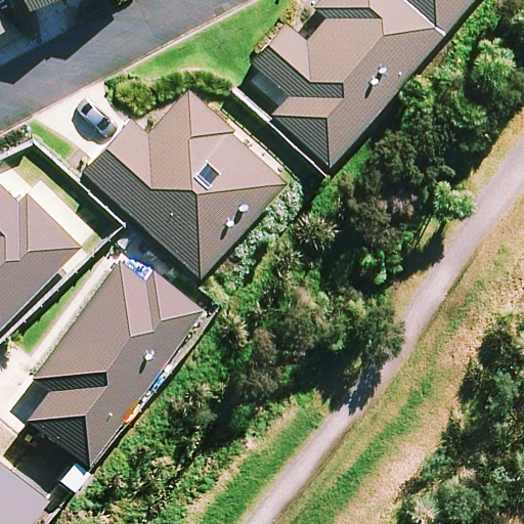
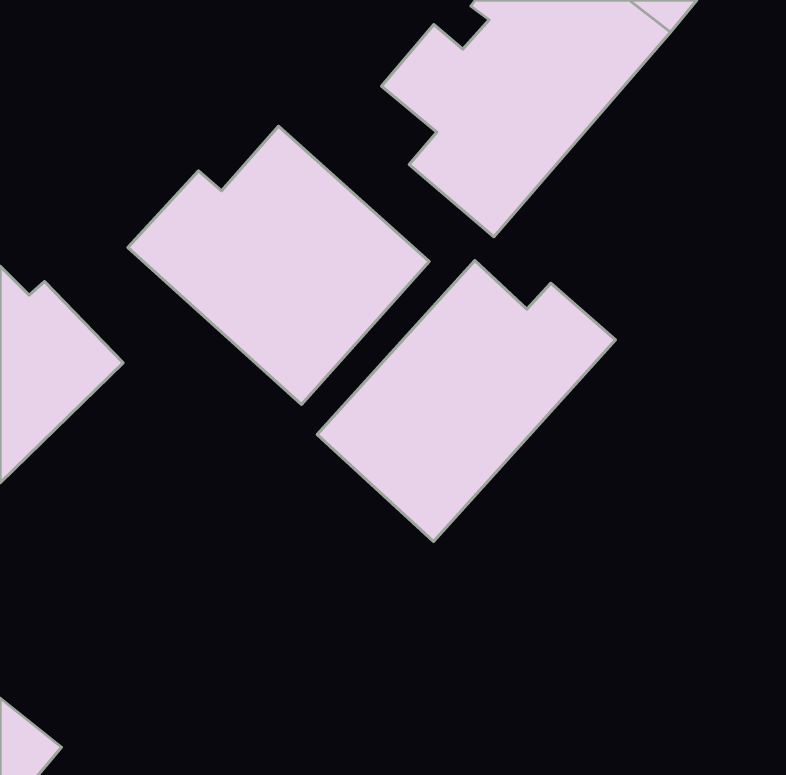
building: none -> [317,261,615,541]
building: [26,263,203,469] -> none

